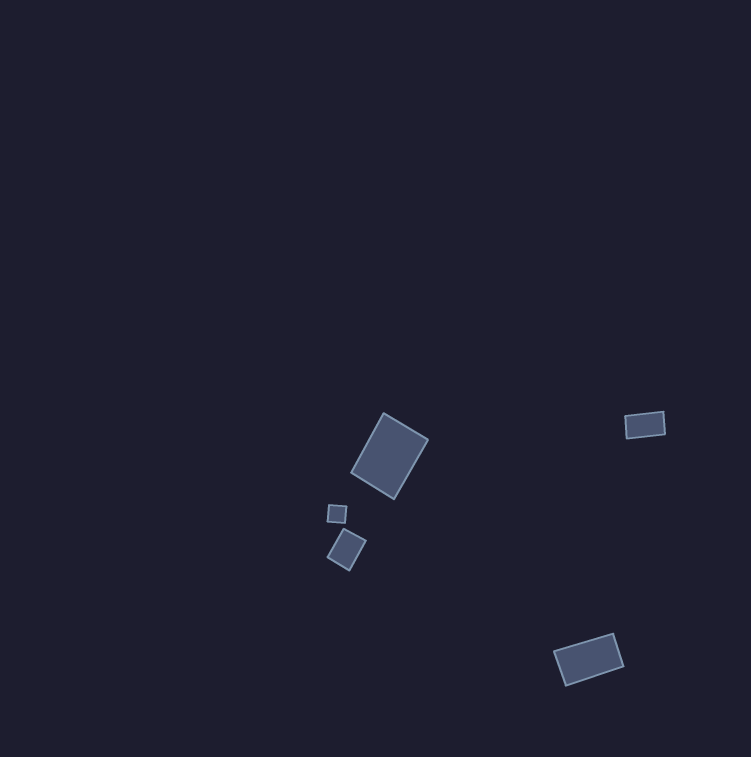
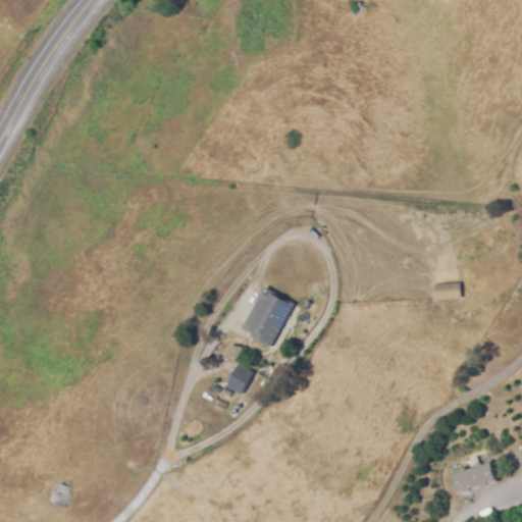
building: [554,634,624,686] -> [446,461,493,497]

